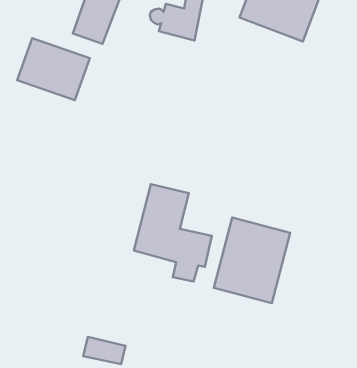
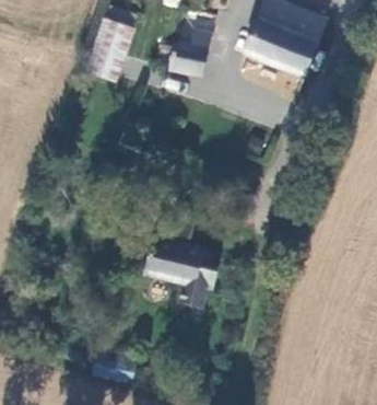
building: [17,38,90,100] -> none
building: [214,217,290,303] -> none

